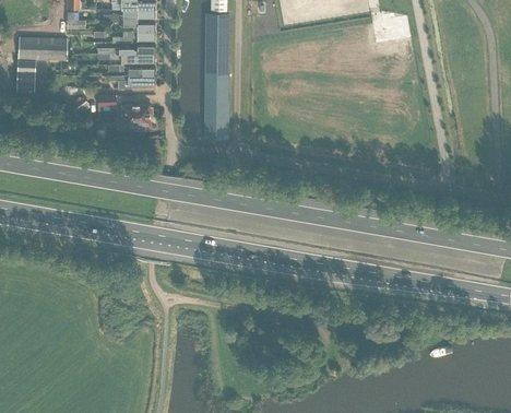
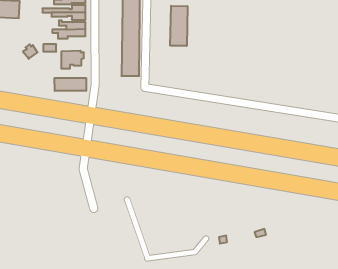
building: none -> [170,6,187,46]
building: none -> [55,78,86,91]

